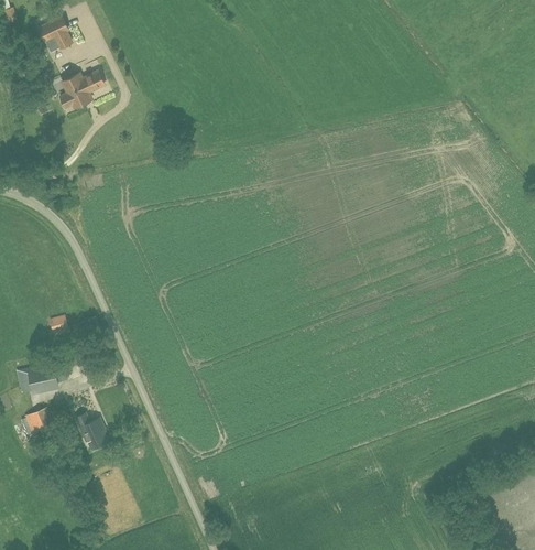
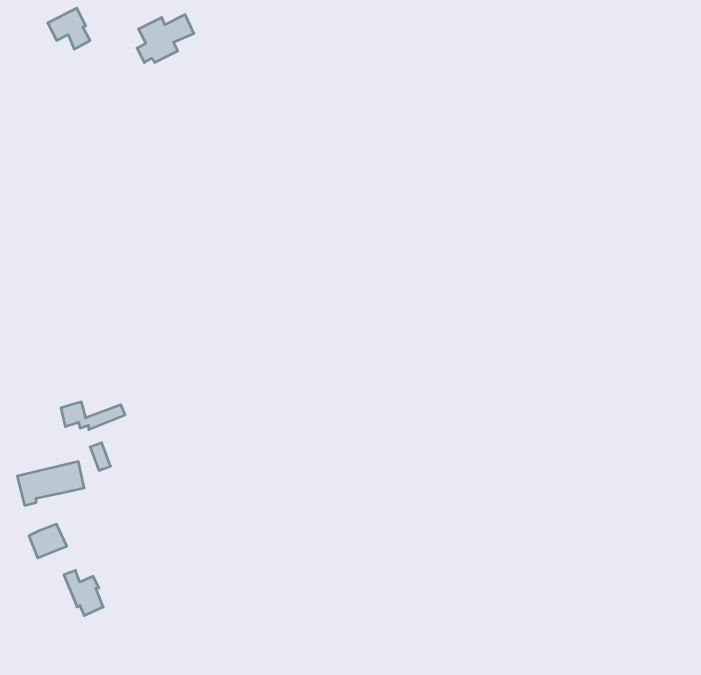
building: [62,72,105,108] -> [137,15,194,63]
building: [77,414,107,449] -> [64,570,103,616]

